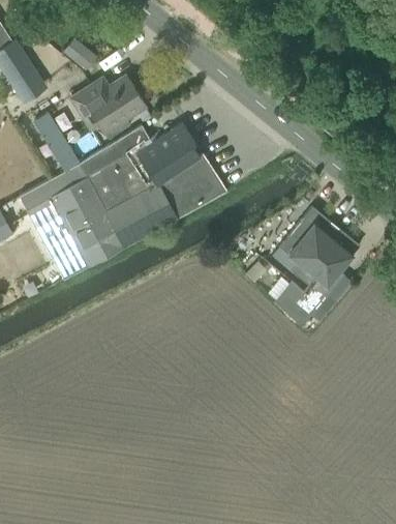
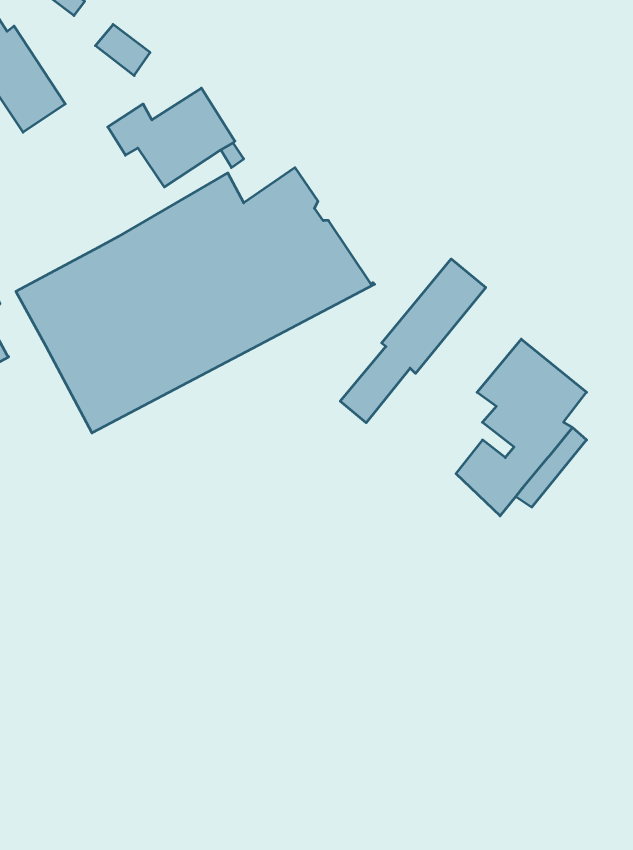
building: [33,114,72,162] -> none
building: none -> [340,259,486,423]

